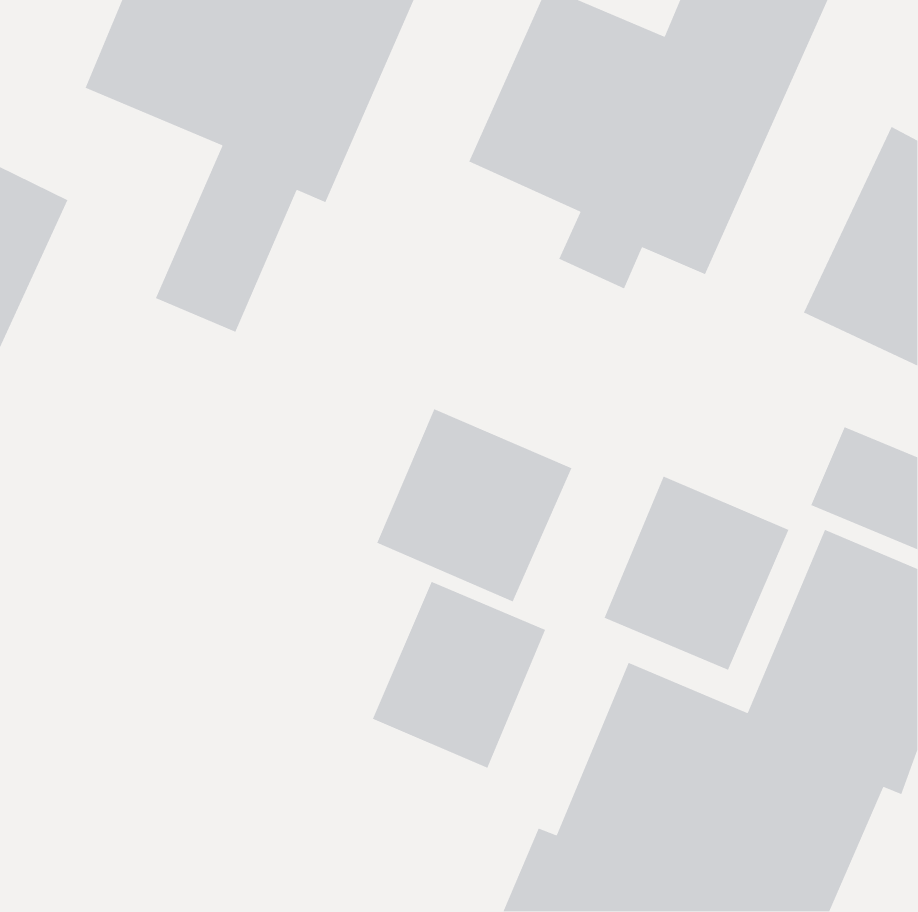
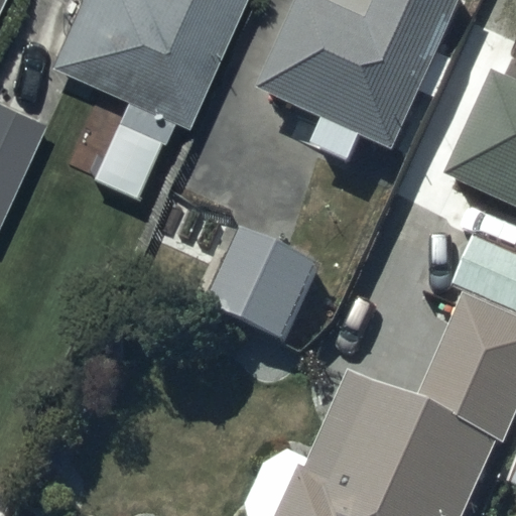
building: [603,475,789,671] -> none
building: [372,581,546,769] -> none

